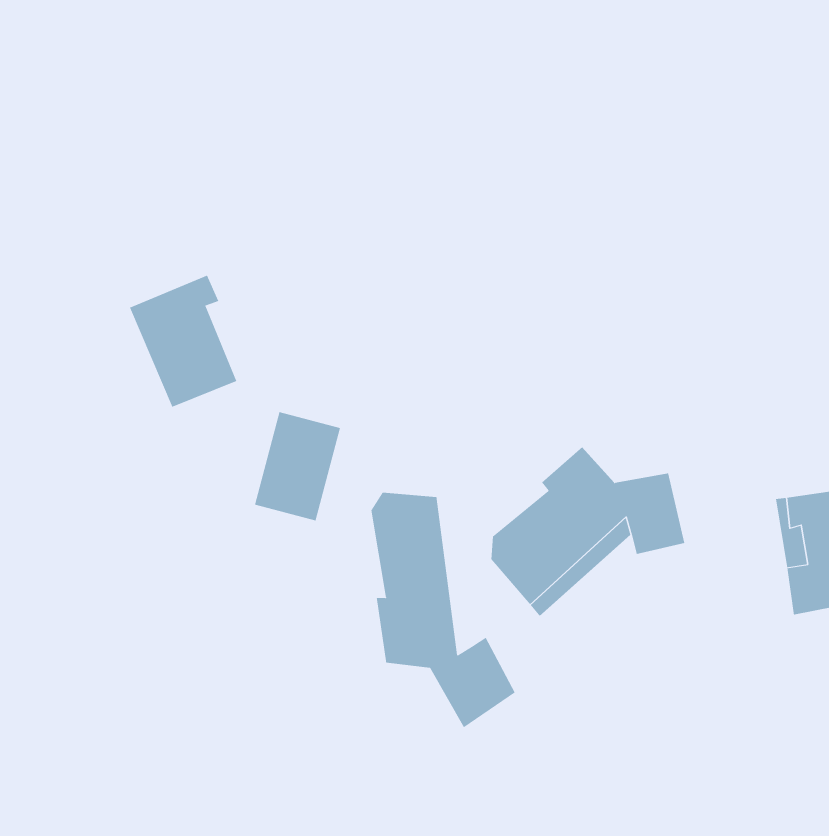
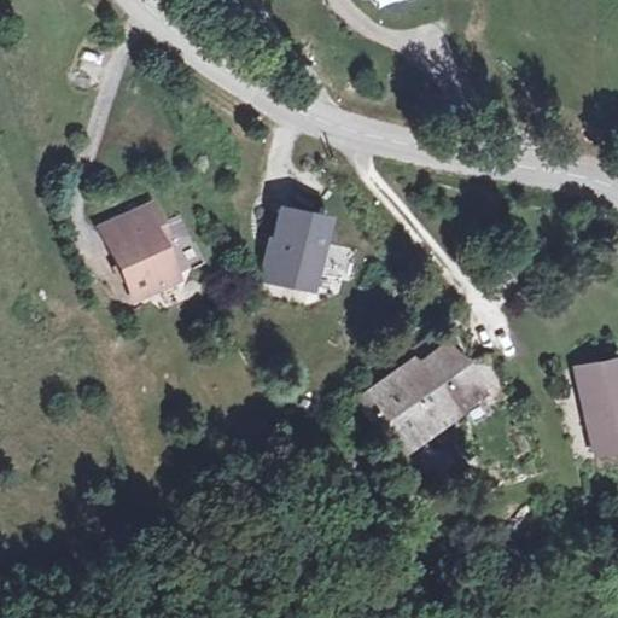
building: [254,412,341,521] -> [264,206,328,287]
building: [371,492,515,728] -> none

